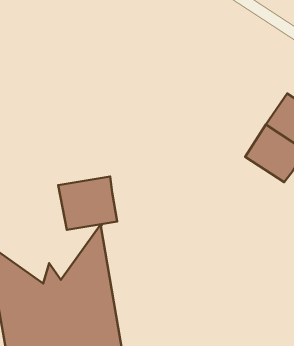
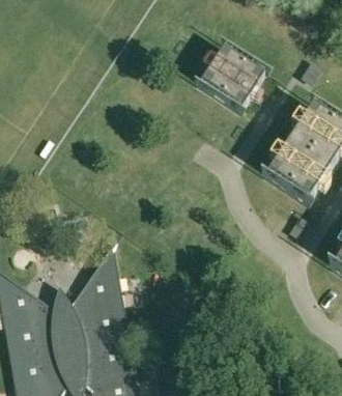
building: none -> [198,44,262,106]
building: [58,176,117,230] -> none

